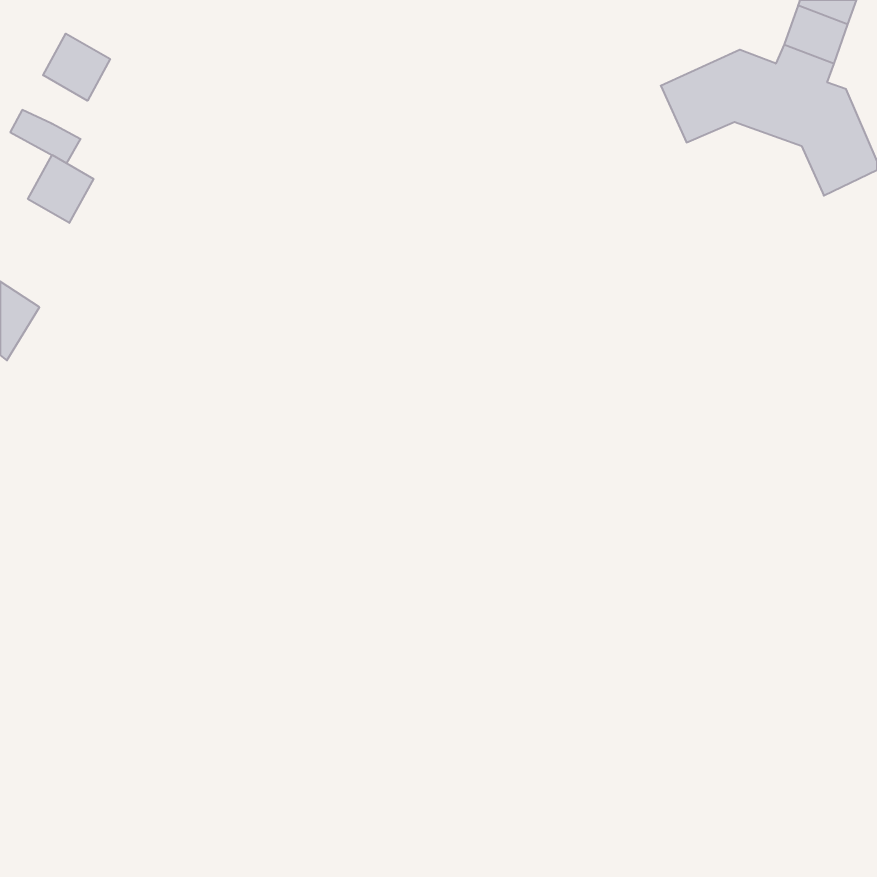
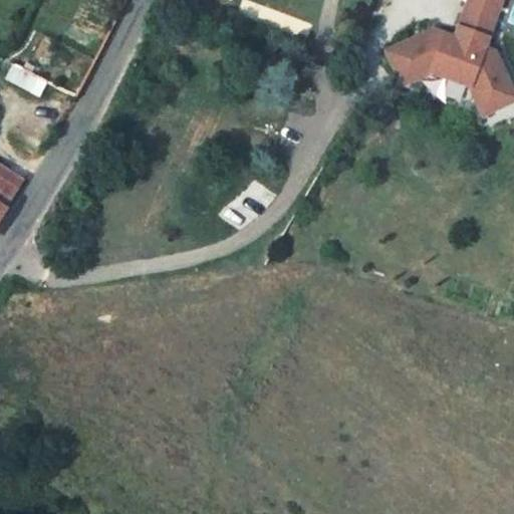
building: [43,34,110,101] -> none
building: [28,155,93,223] -> none

